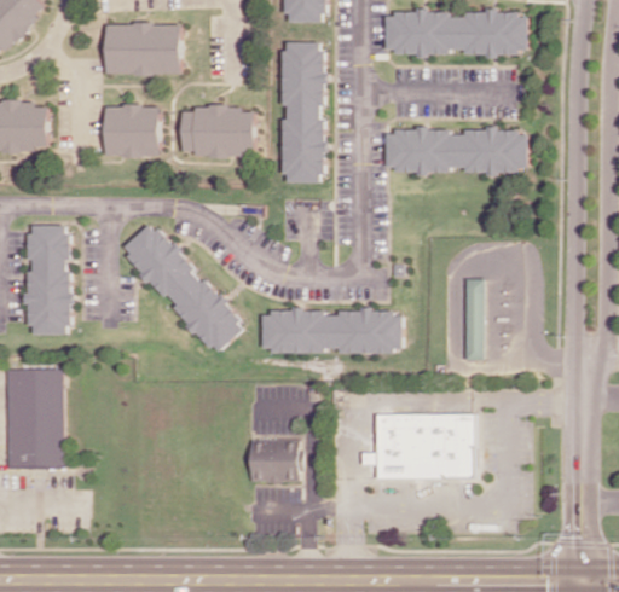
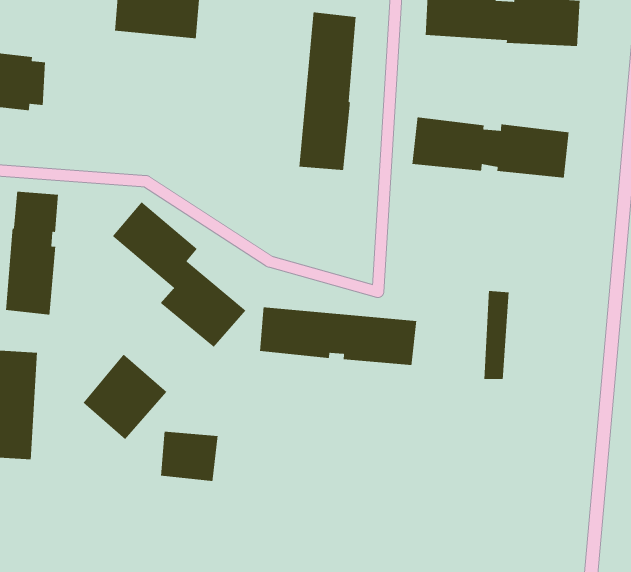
building: [104,105,158,157] -> none
building: [181,106,254,157] -> none
building: none -> [82,353,167,440]
building: [376,413,475,480] -> none
building: [249,440,299,482] -> [160,431,218,482]

